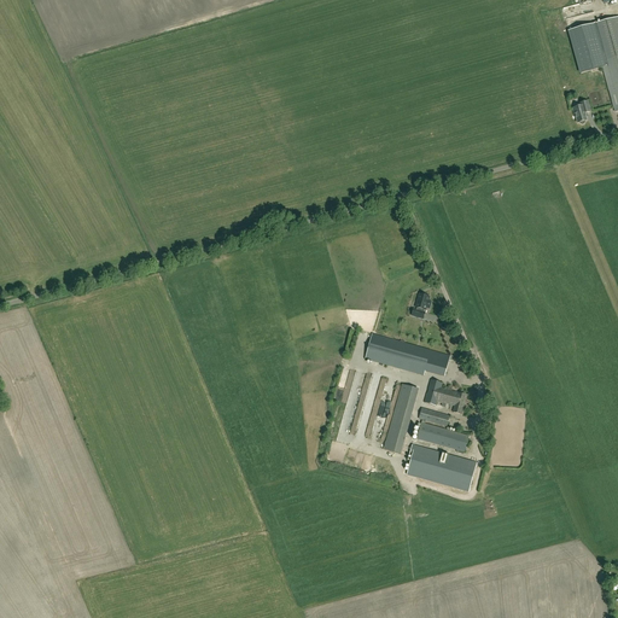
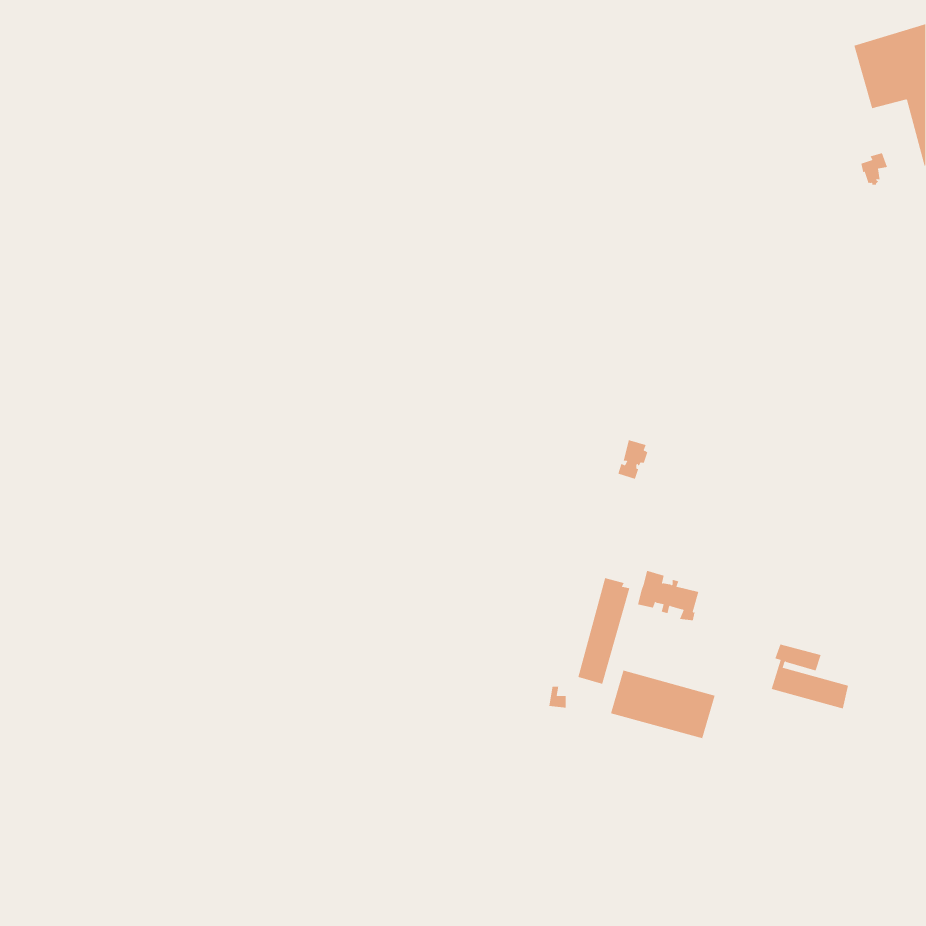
building: [365,333,449,375] -> none
building: [415,408,467,451] -> [771,644,849,709]

